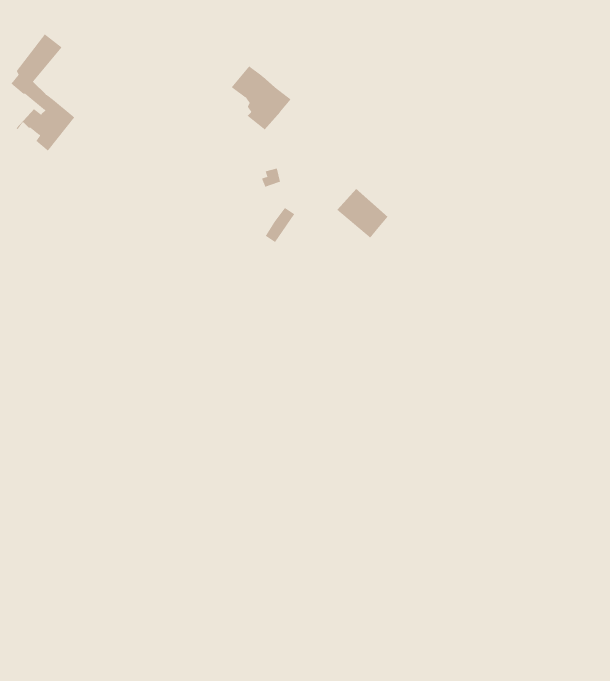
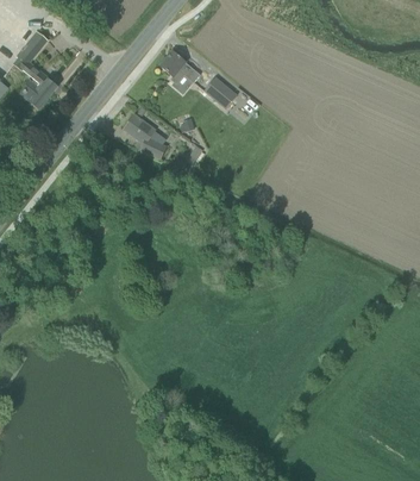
building: none -> [126,113,167,157]
building: [336,188,388,238] -> [205,75,239,108]

